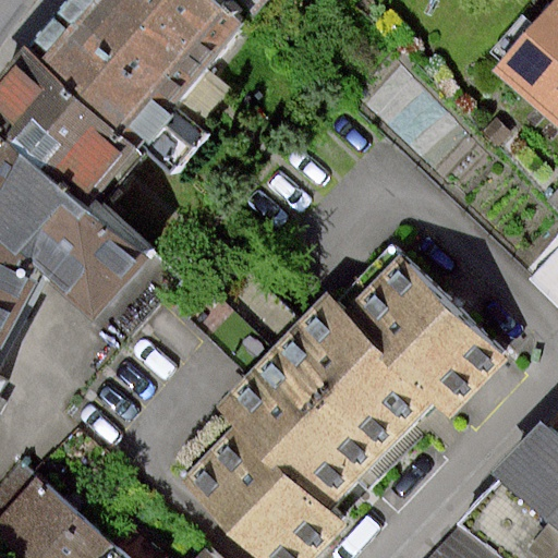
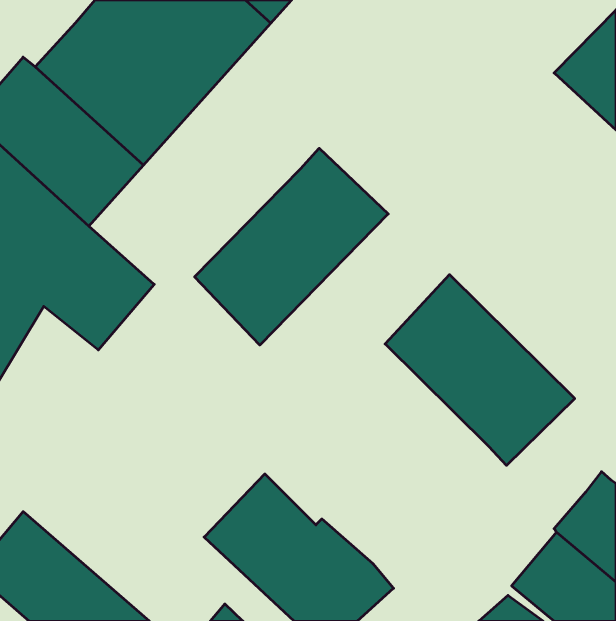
building: none -> [195,148,388,345]
building: [219,292,438,506] -> none

